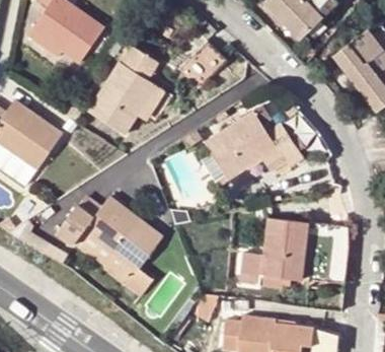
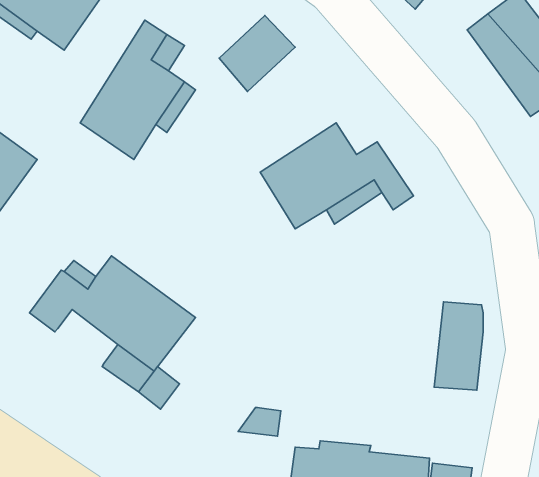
building: [240,219,309,288] -> none

